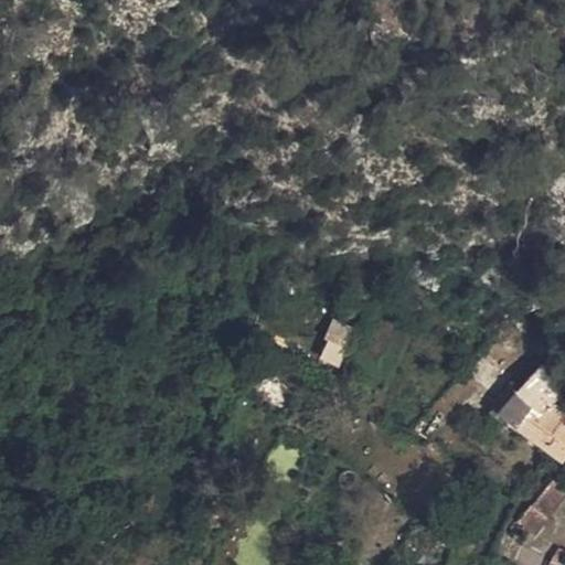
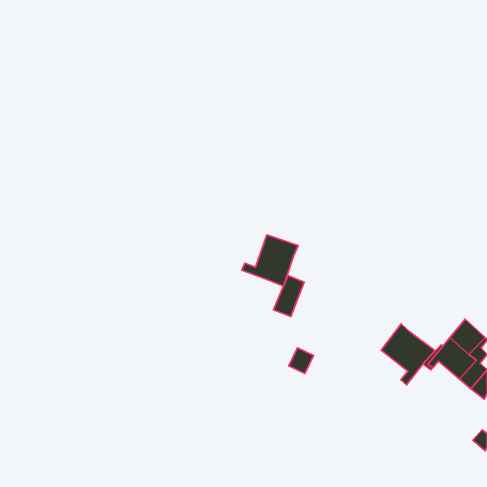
building: none -> [242,235,298,286]
building: none -> [381,324,435,385]

